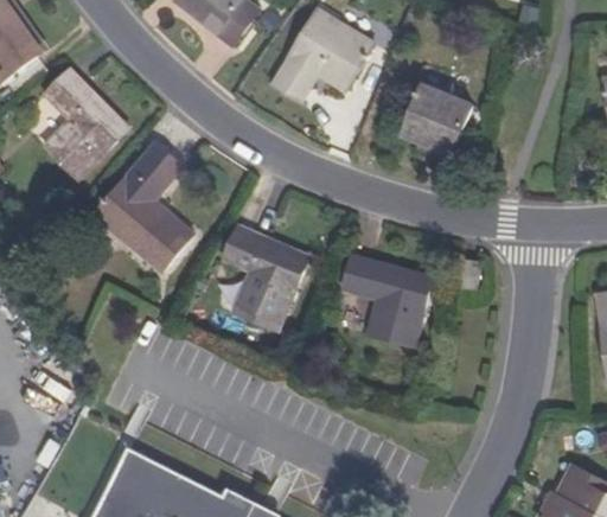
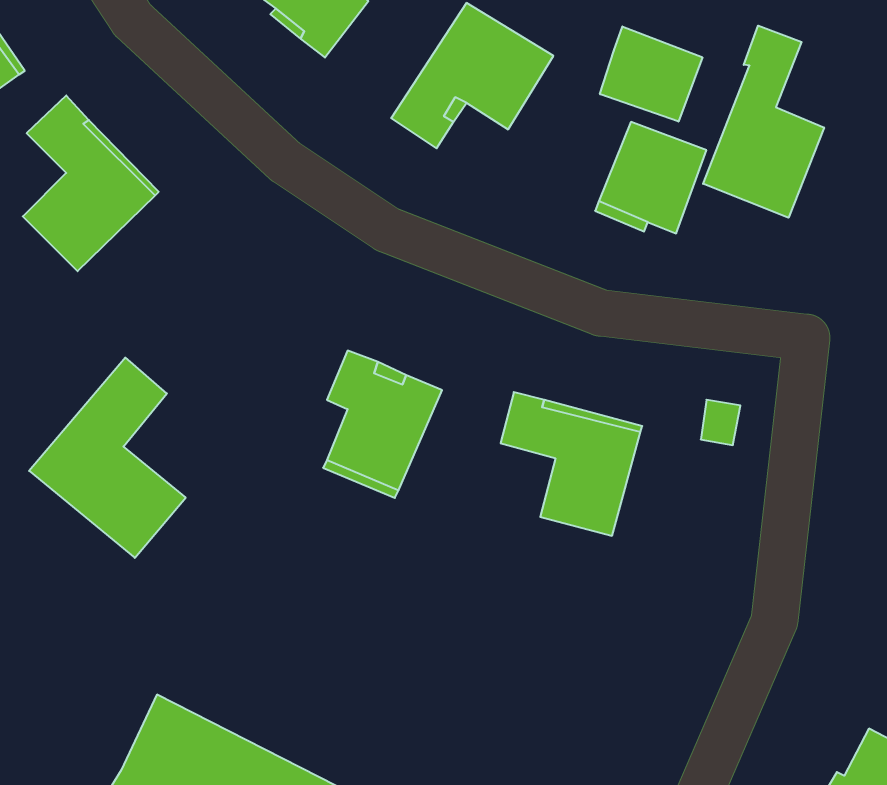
building: none -> [703,26,824,218]
building: none -> [600,26,702,122]
building: [95,143,193,269] -> [29,358,186,558]

